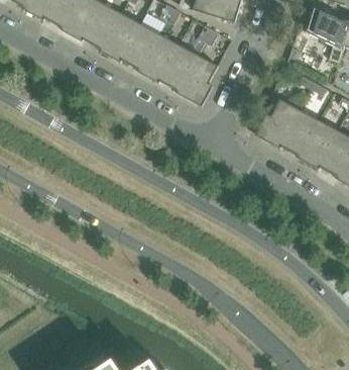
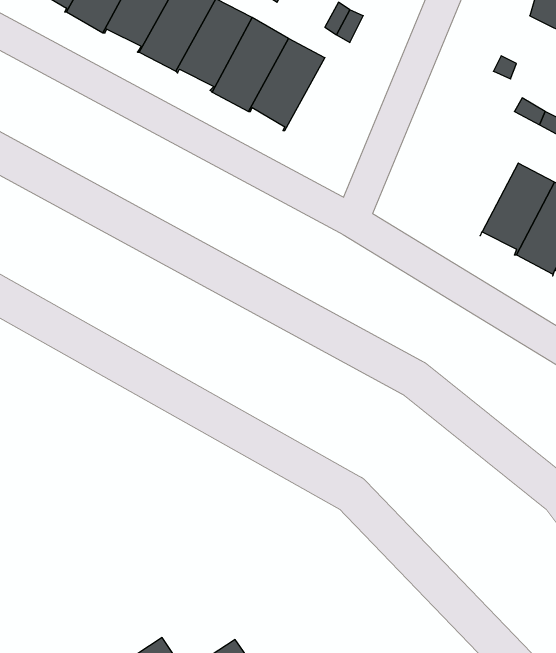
building: [177,54,218,106] -> none
building: [254,98,300,148] -> none

